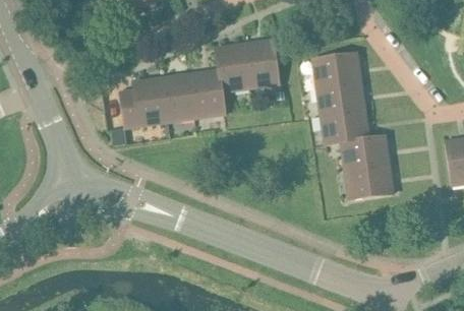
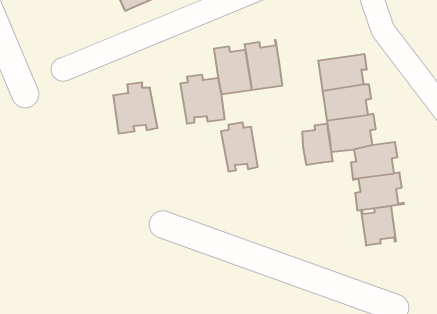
building: [155,75,189,121] -> [221,123,258,171]
building: none -> [303,124,333,165]
building: none -> [361,206,396,246]

